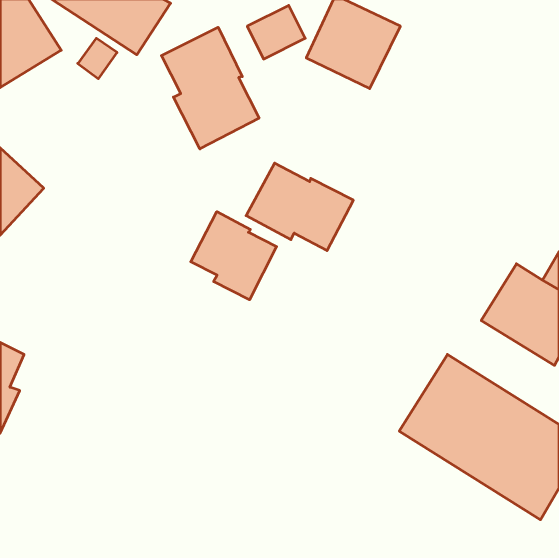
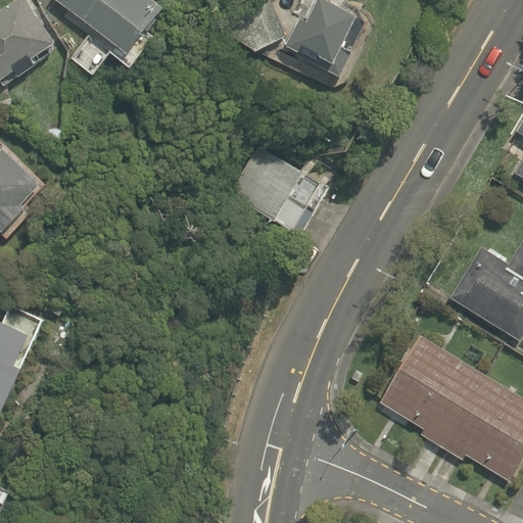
building: [161,27,259,149] -> none
building: [191,212,277,300] -> none

